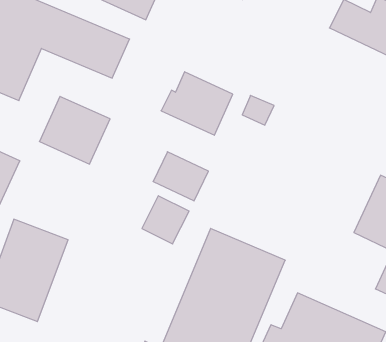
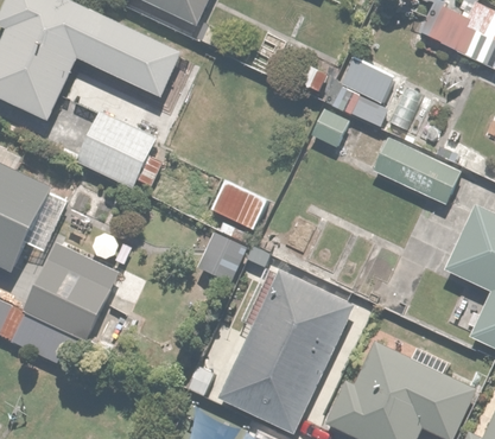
building: [161,72,233,135] -> [324,56,407,129]
building: none -> [372,136,462,203]

